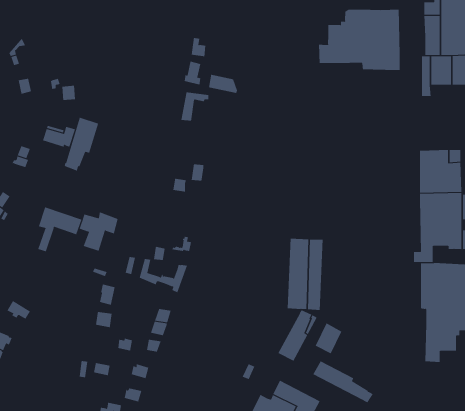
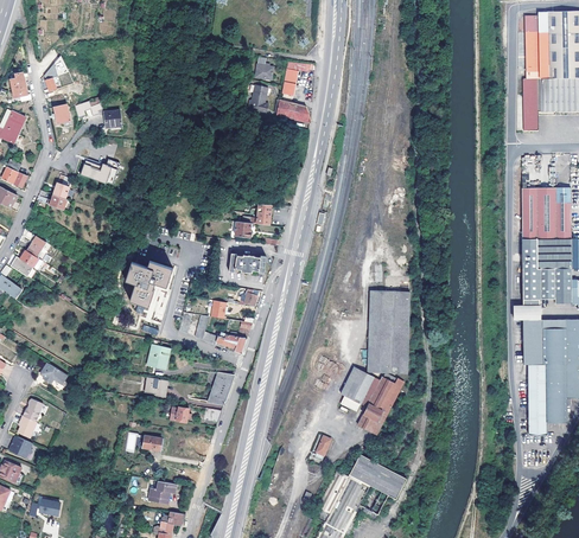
building: [318,9,400,71] -> none
building: [181,92,209,121] -> [280,60,313,95]
building: [64,117,99,171] -> none
building: none -> [228,254,266,273]
building: [38,207,82,252] -> none
building: [315,322,342,354] -> [341,366,373,403]
building: [313,361,373,403] -> none

